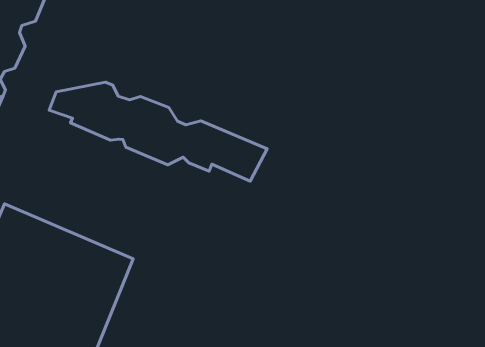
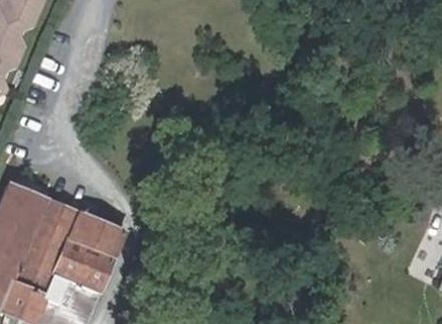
building: [49,82,267,181] -> none

